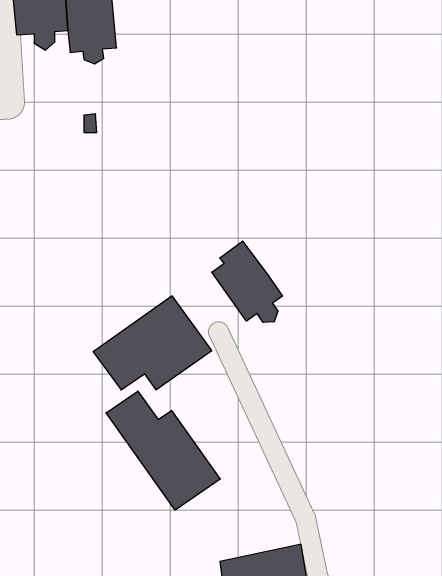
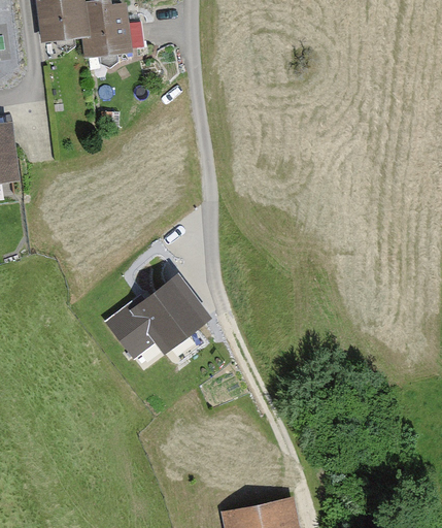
building: [212,241,282,322] -> none
building: [106,391,220,510] -> none

